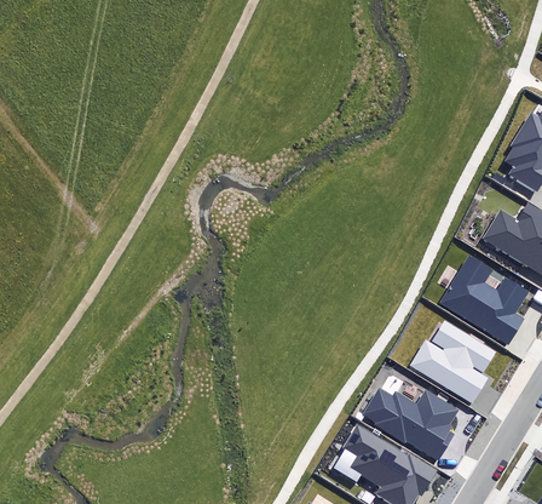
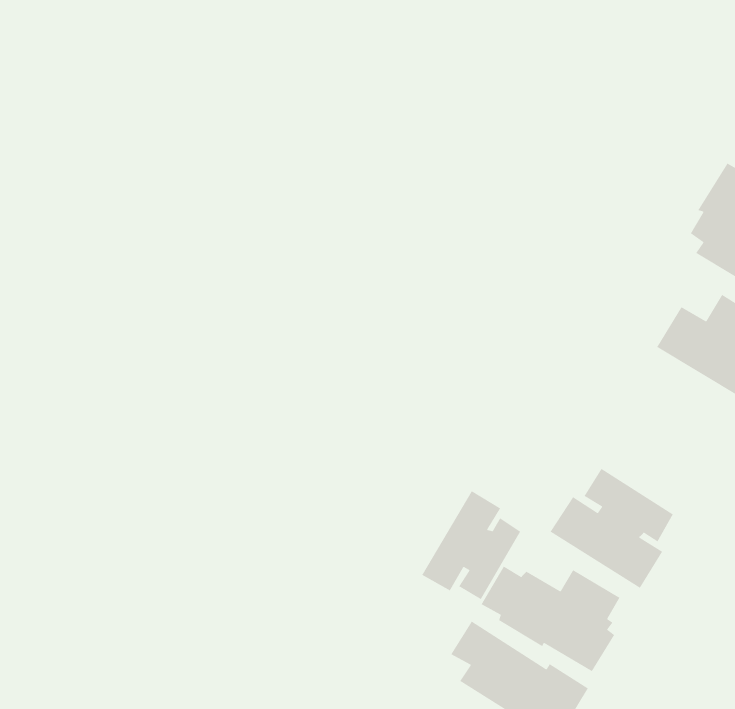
building: [438,254,529,345] -> none
building: none -> [421,490,521,600]

